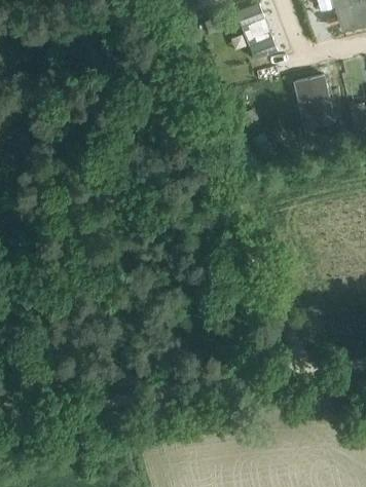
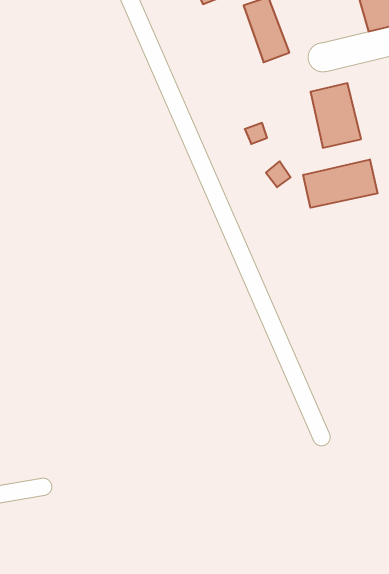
building: none -> [303,159,378,208]

